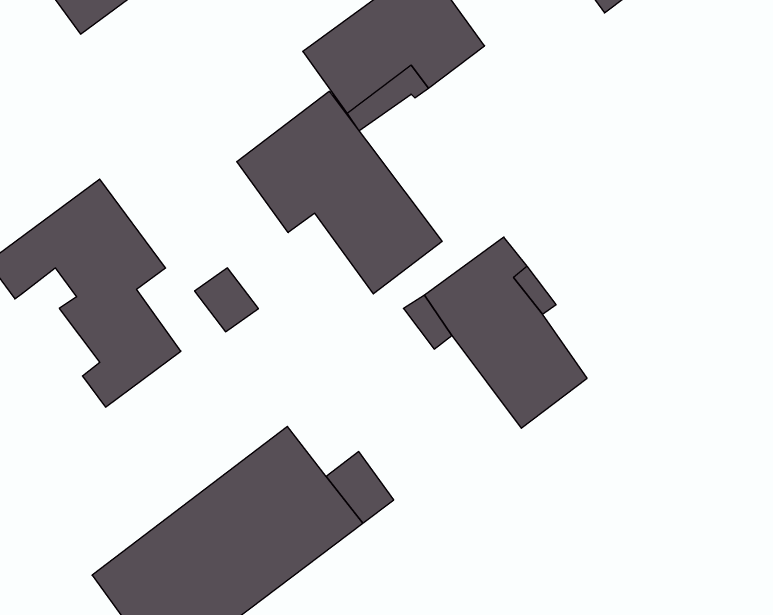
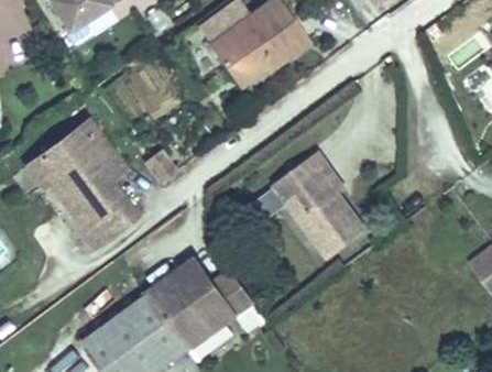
building: [237,91,442,294] -> none
building: none -> [42,167,86,229]

